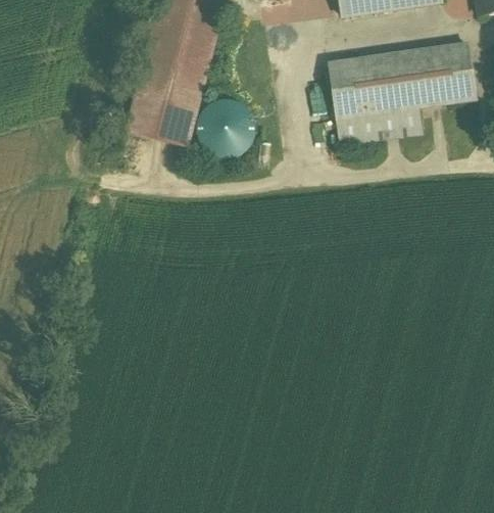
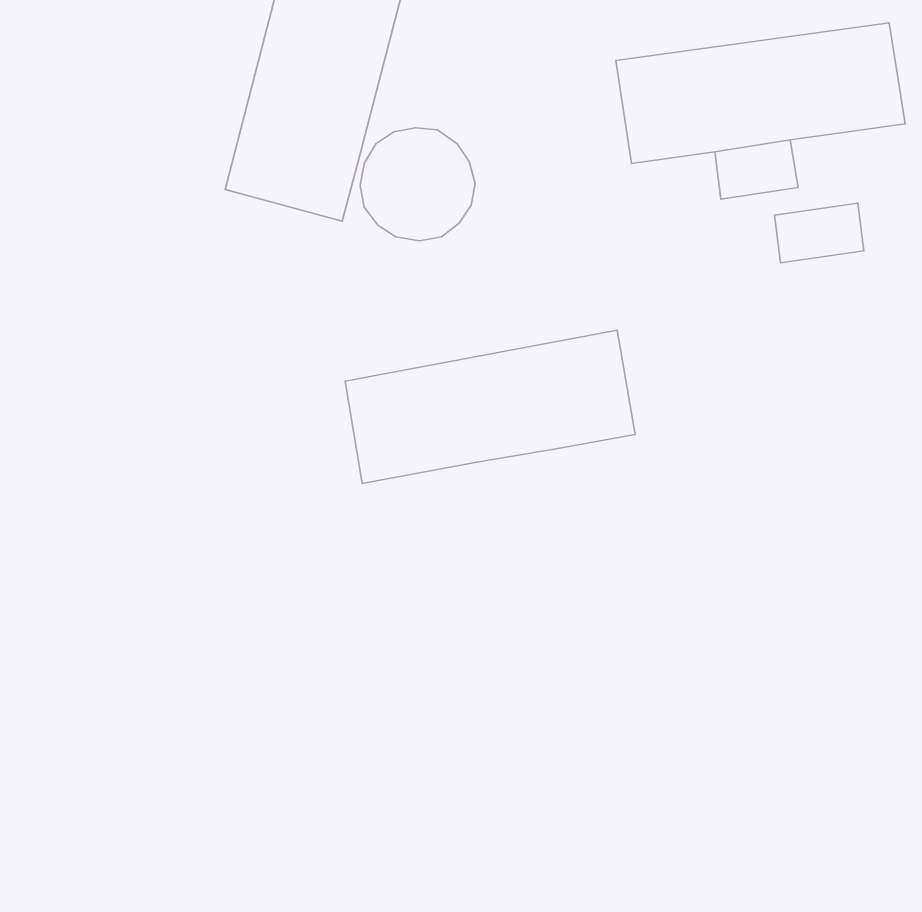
building: [336,110,382,141] -> [775,203,864,263]
building: none -> [345,330,635,483]

